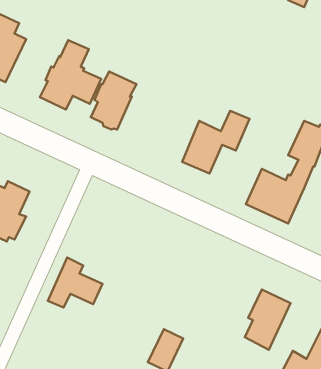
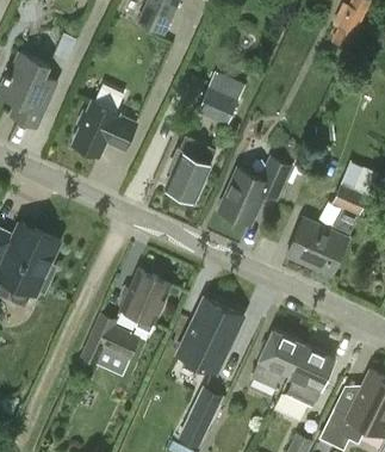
building: none -> [197,87,238,125]
building: [91,72,137,130] -> [167,140,215,200]
building: none -> [119,271,170,334]
building: none -> [175,298,241,373]
building: none -> [250,330,304,390]

